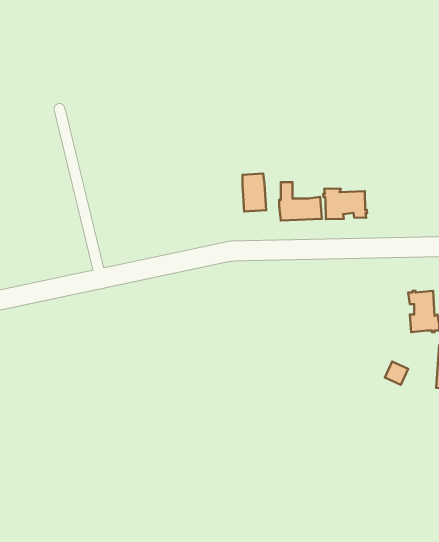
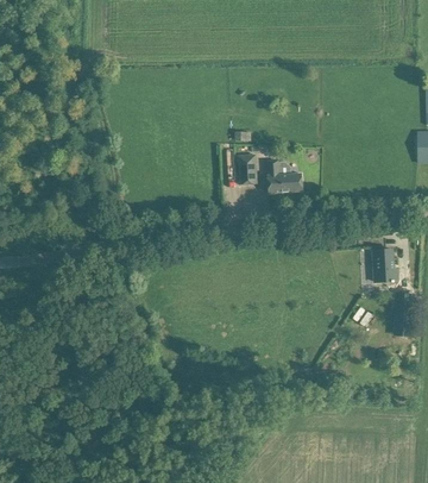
building: [323,188,367,219] -> none

